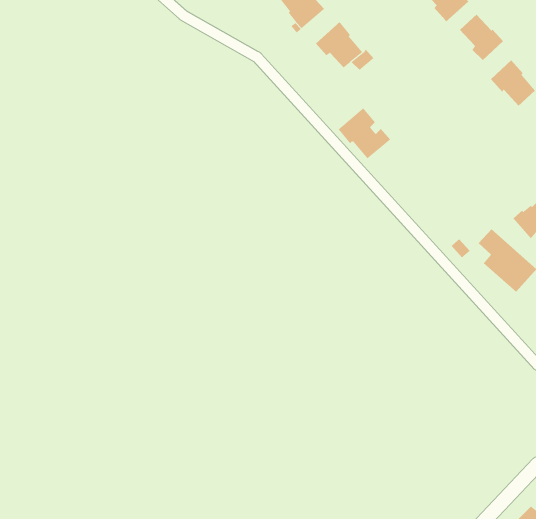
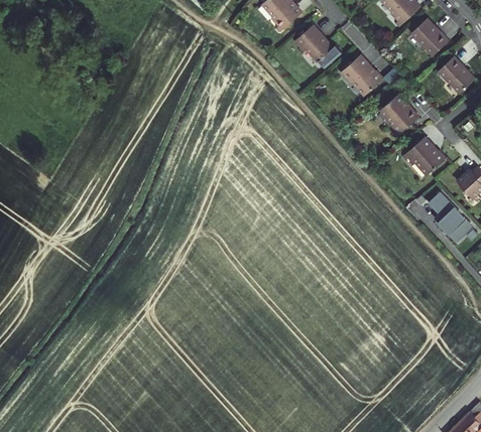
building: none -> [379,92,417,133]
building: [338,107,391,159] -> [339,54,382,97]
building: none -> [404,137,446,175]

